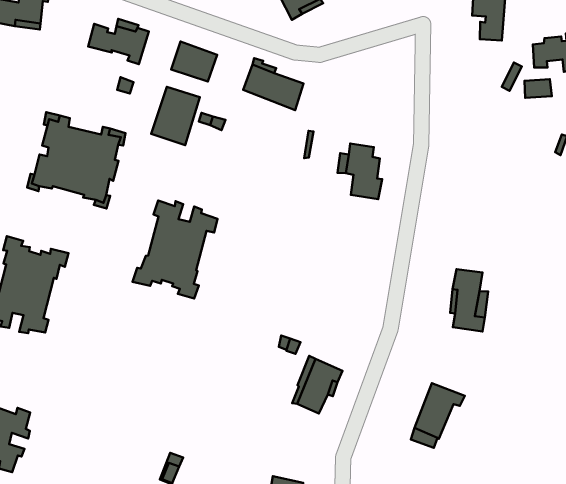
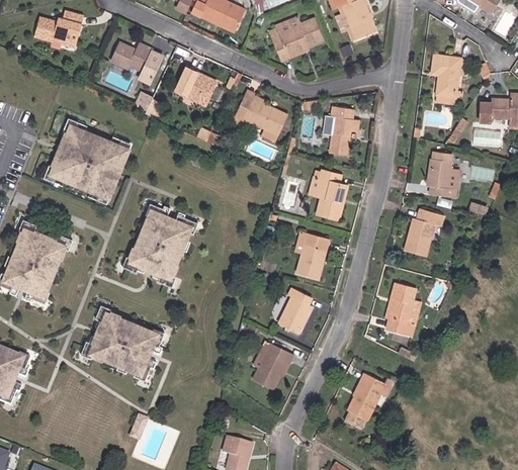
building: none -> [321,105,353,155]
building: [151,87,200,145] -> none
building: none -> [427,154,457,194]
building: none -> [404,207,441,253]
building: none -> [295,232,326,278]
building: none -> [276,286,311,332]
building: none -> [82,311,166,387]

